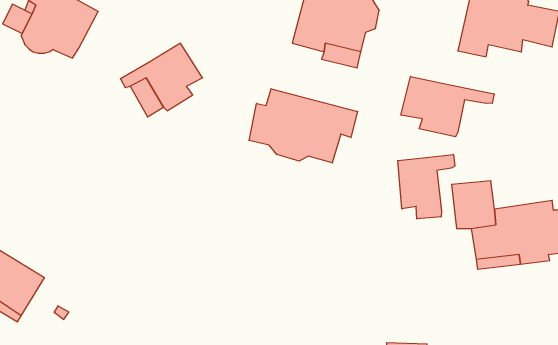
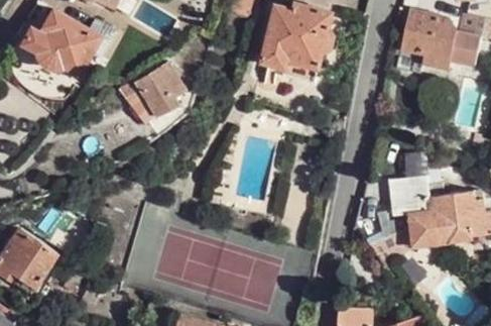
building: [401,76,494,137] -> none
building: [249,89,358,163] -> none
building: [398,154,455,219] -> none

